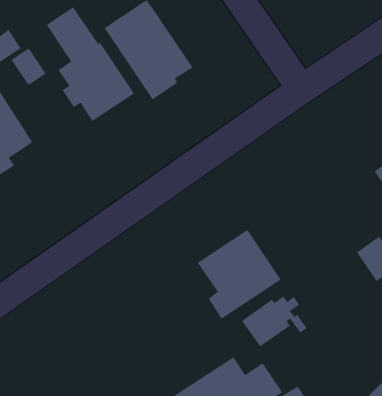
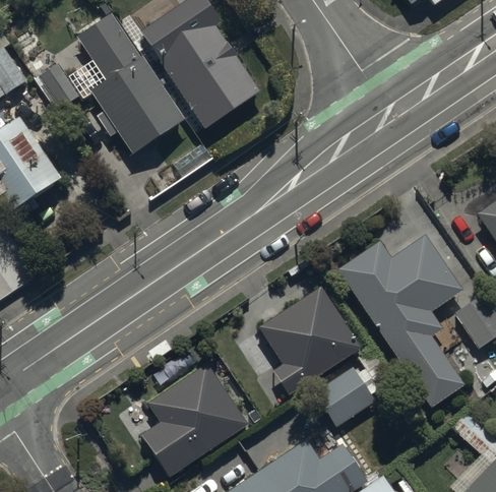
building: none -> [339,232,468,406]
building: none -> [140,360,249,477]

